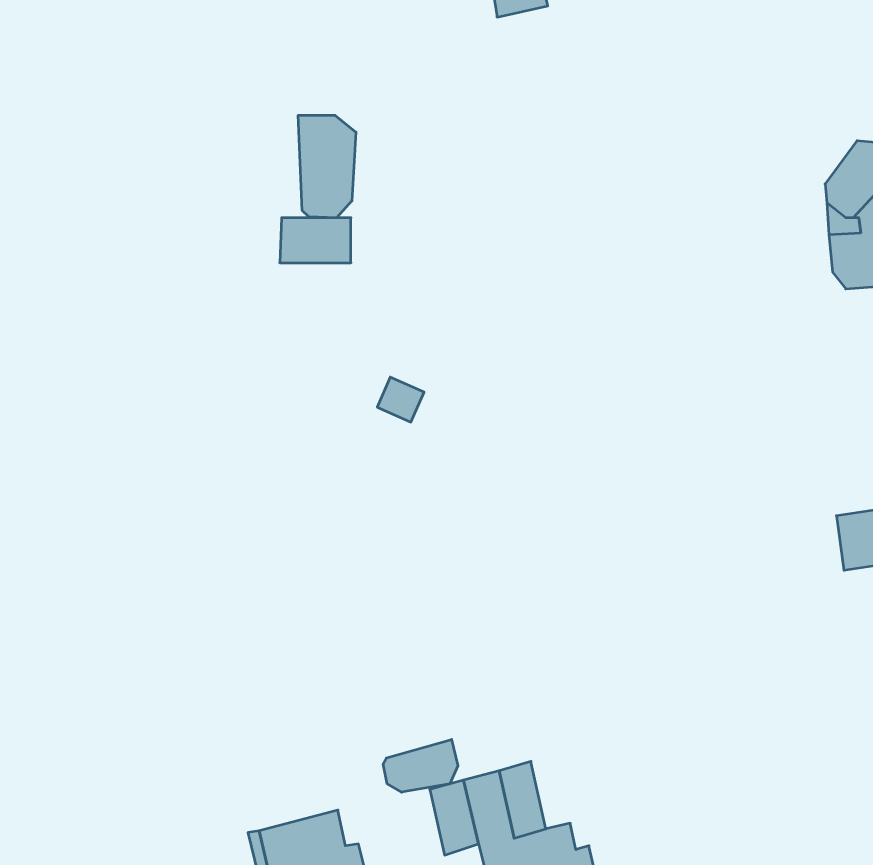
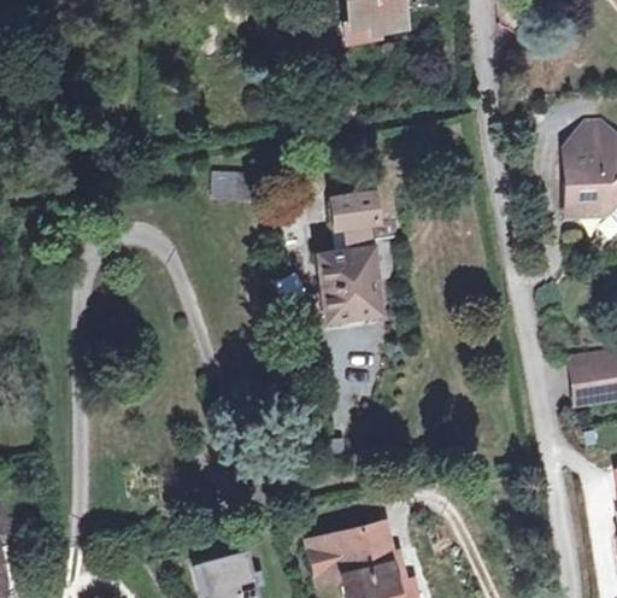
building: [298,115,356,218] -> none
building: none -> [313,187,382,318]
building: [383,739,458,792] -> none

